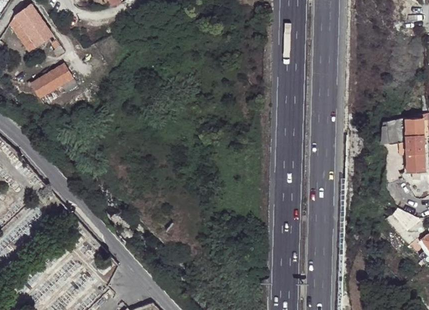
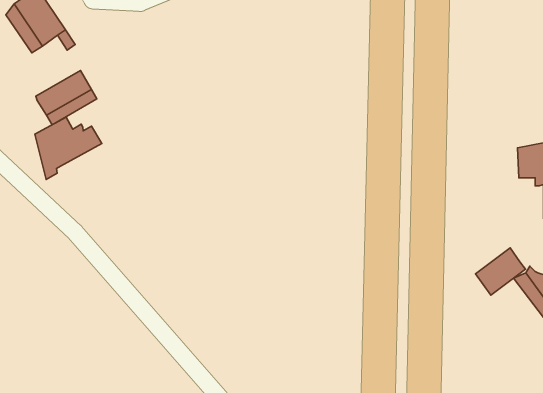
building: none -> [35,117,102,180]
building: none -> [475,248,526,295]

